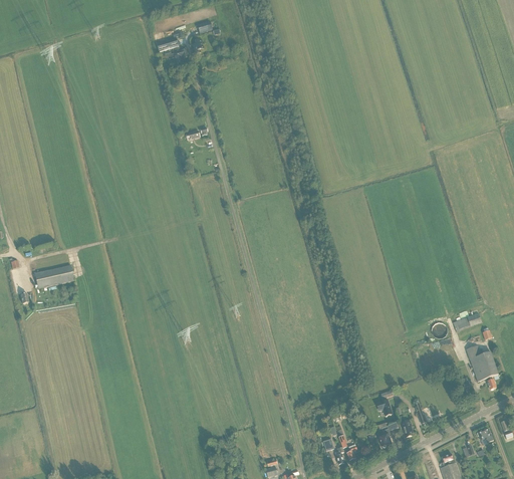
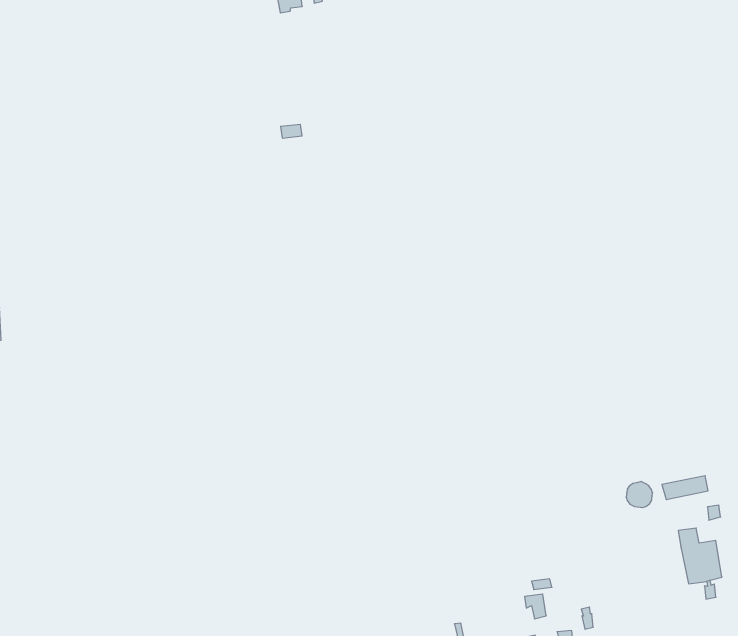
building: [34,264,73,288] -> none

